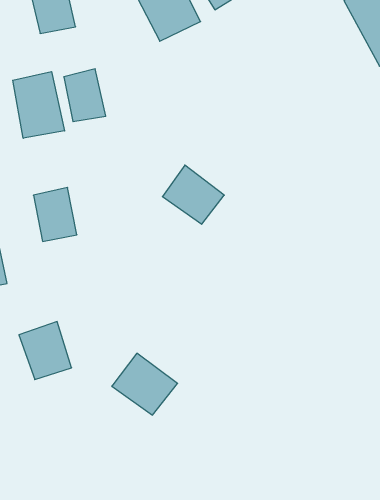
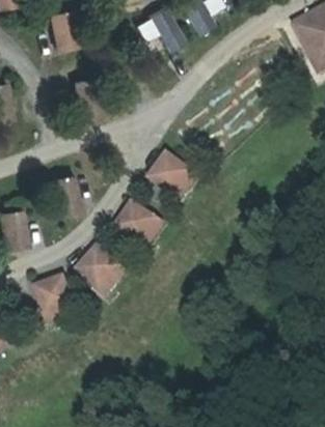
building: [13,72,65,138] -> none
building: none -> [113,200,165,250]
building: [112,353,178,415] -> [75,245,127,293]

